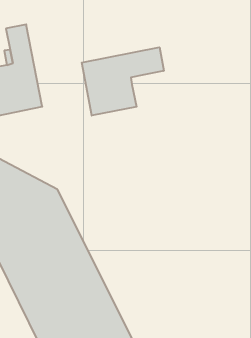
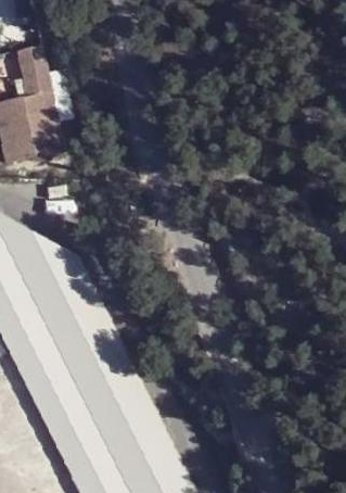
building: [82,47,164,116] -> none

